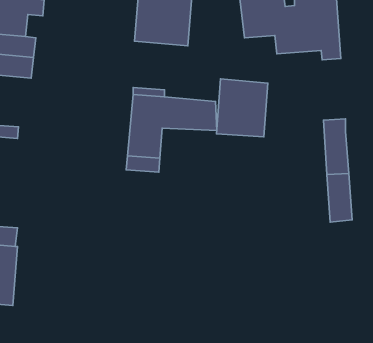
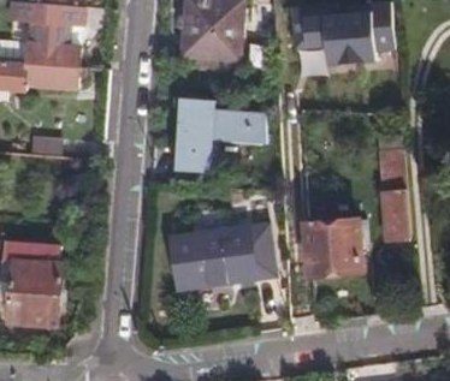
building: [216,79,268,137] -> none
building: none -> [168,200,273,291]
building: none -> [307,221,361,274]

